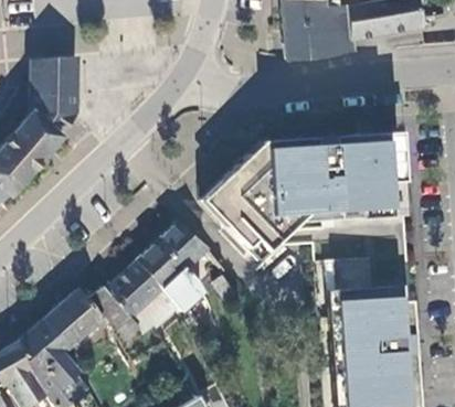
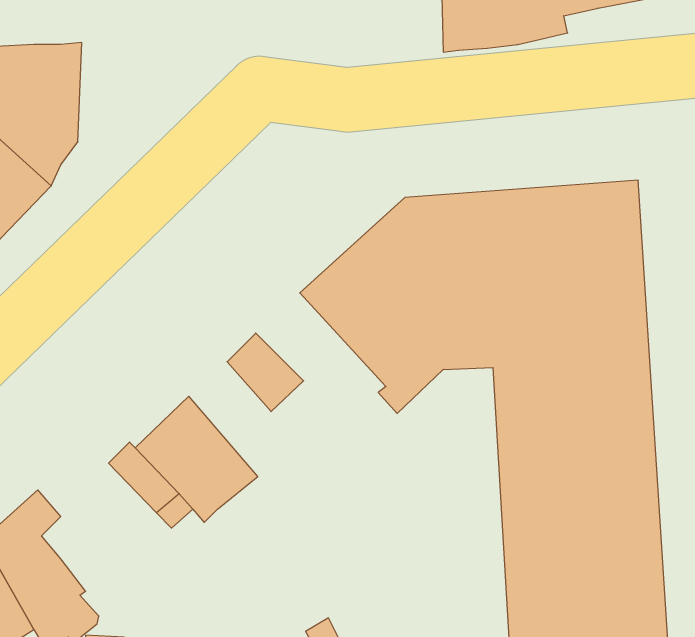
building: [140,239,204,308] -> none
building: [53,290,105,353] -> none

